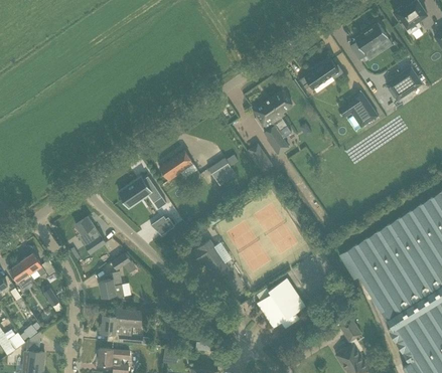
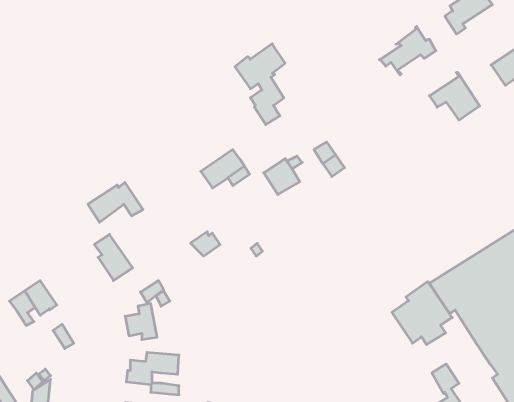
building: [253,90,292,154] -> [235,44,285,125]
building: [119,176,162,207] -> [88,182,143,222]
building: [192,240,230,278] -> none
building: [258,278,305,328] -> [392,282,452,345]

